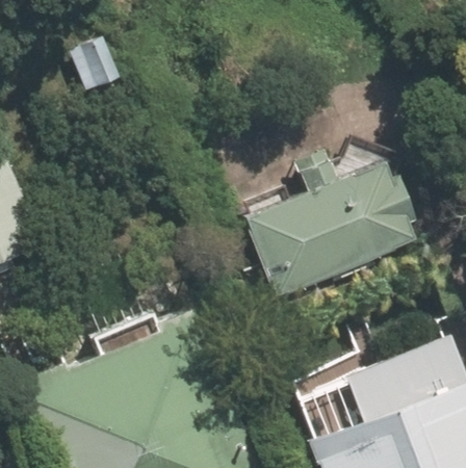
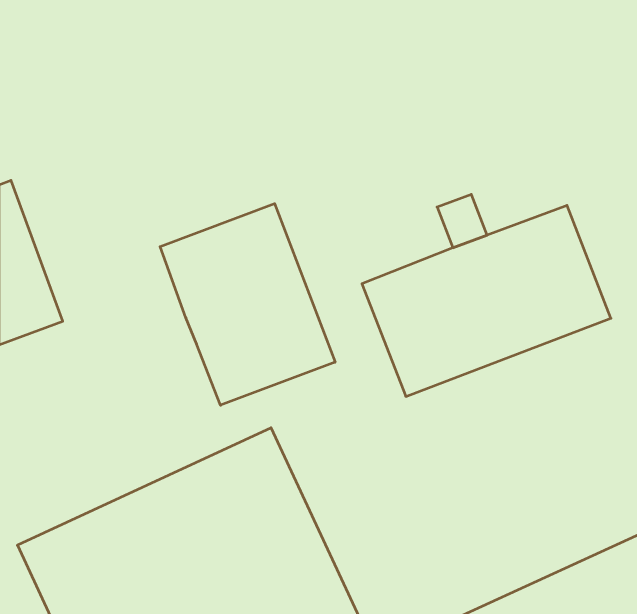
building: none -> [160,204,335,405]

